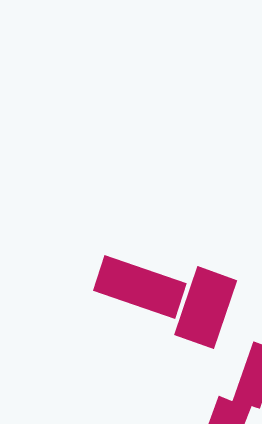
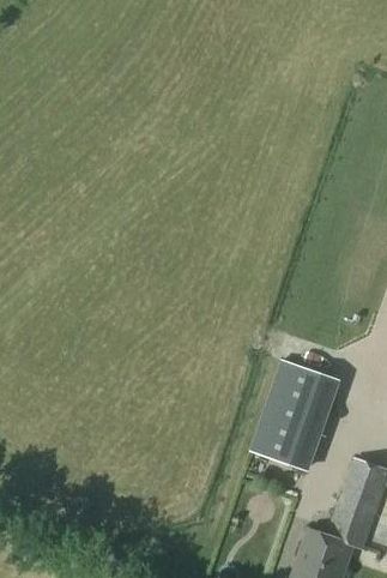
building: [92,254,187,320] -> none

